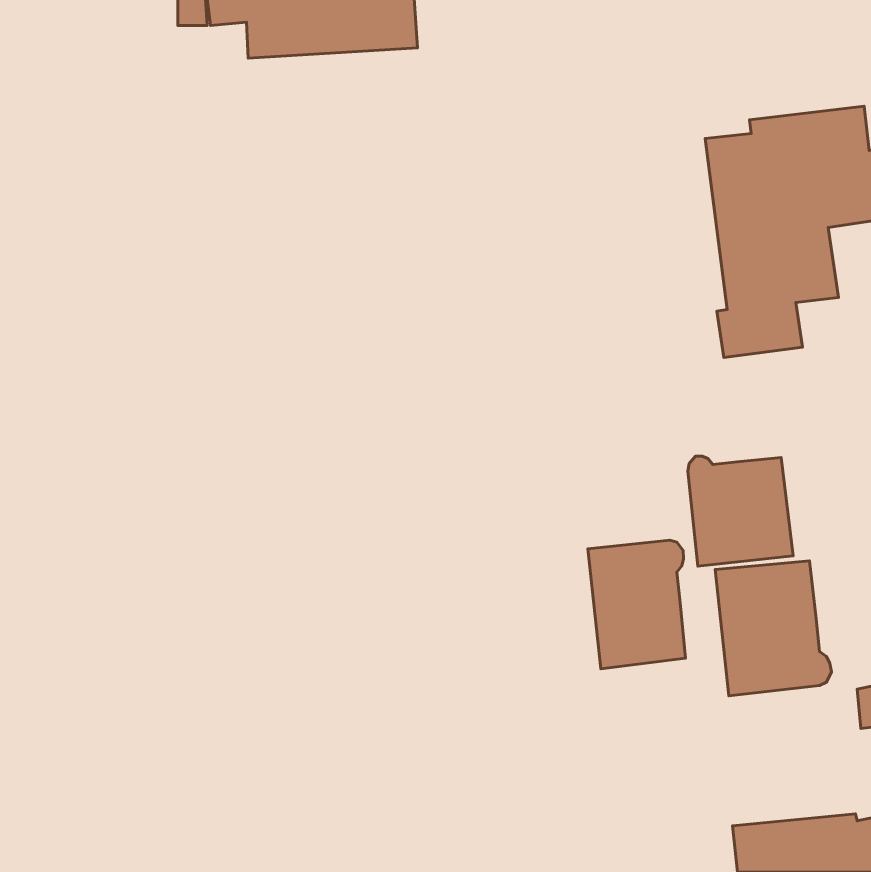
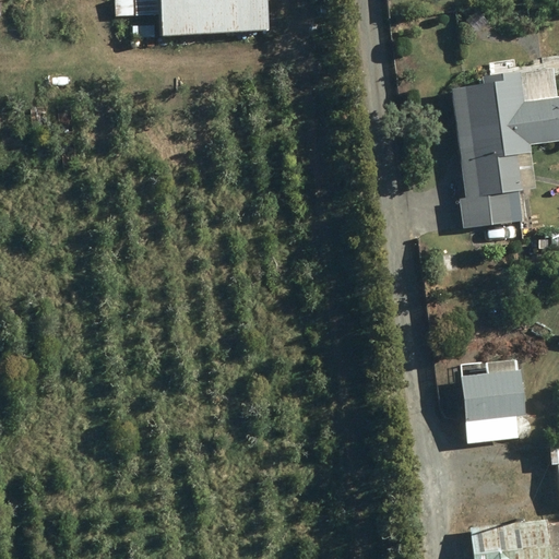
building: [688,456,793,566] -> none
building: [588,540,686,669] -> none

